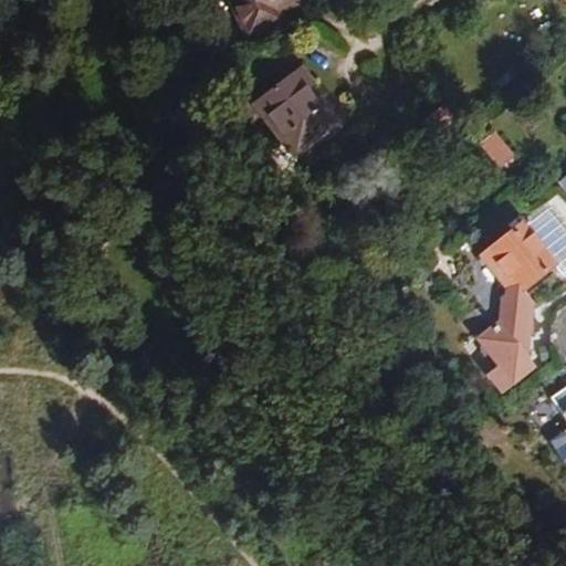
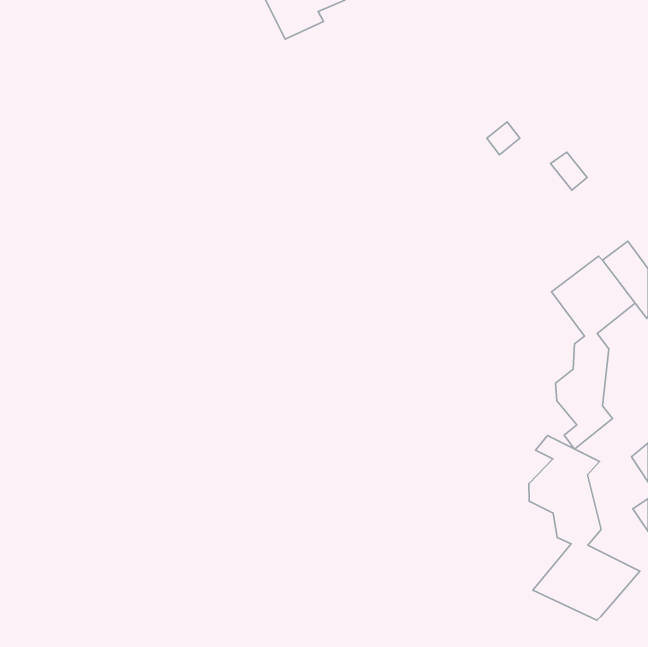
building: [252,66,337,157] -> none
building: none -> [529,436,640,620]

